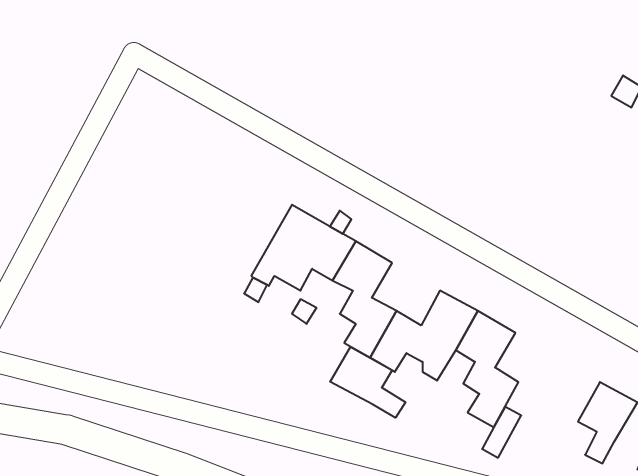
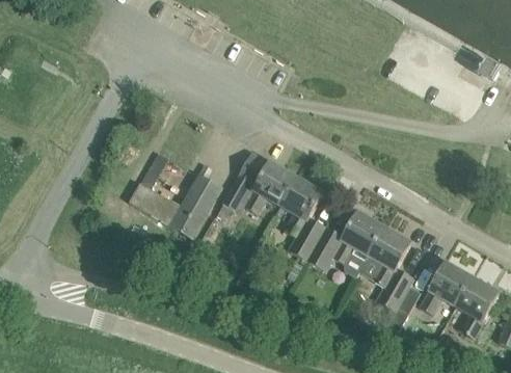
building: none -> [129,152,221,238]
building: [330,347,405,418] -> none
building: none -> [421,263,472,314]

